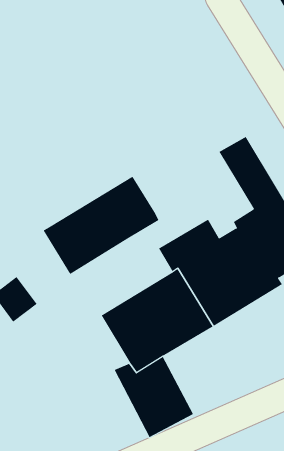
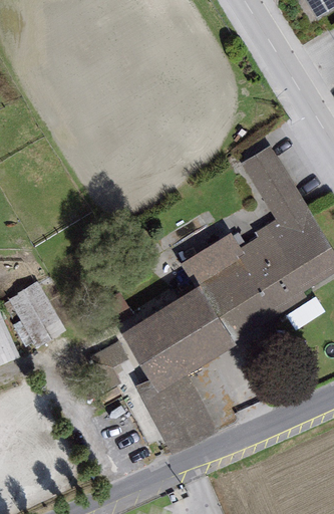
building: [43,176,159,275] -> none

